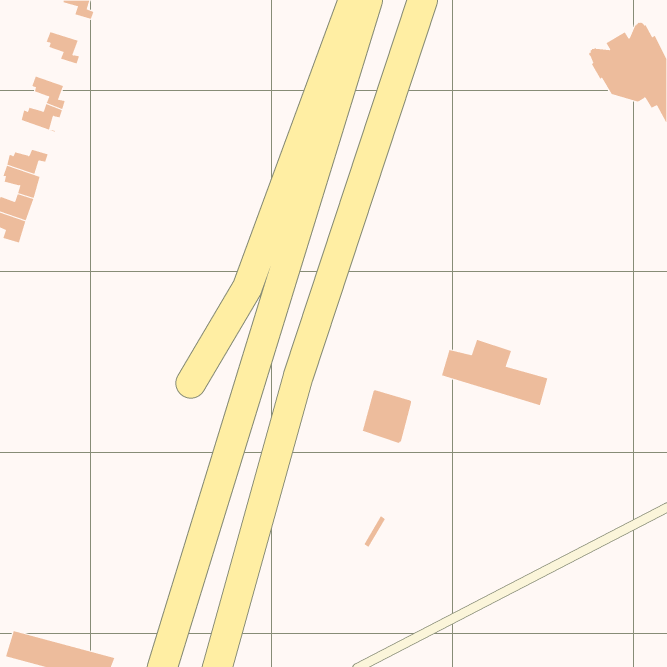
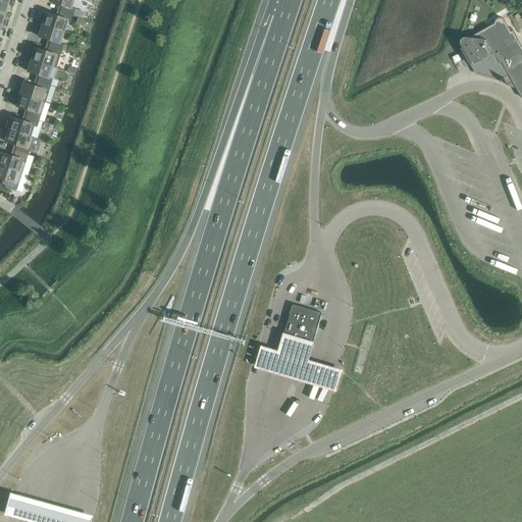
building: none -> [39,12,71,33]
building: none -> [28,47,60,69]
building: none -> [13,95,43,121]
building: [441,339,548,406] -> [256,337,340,389]

